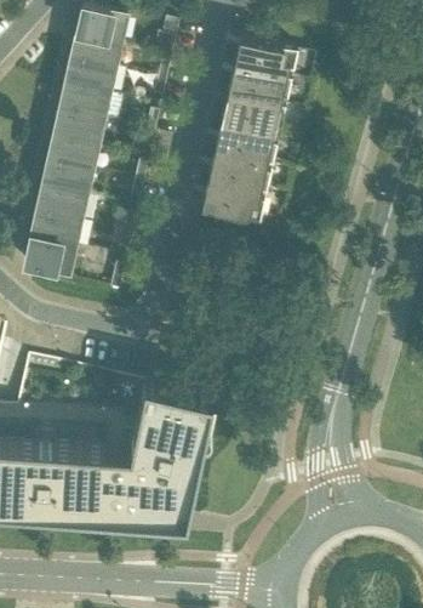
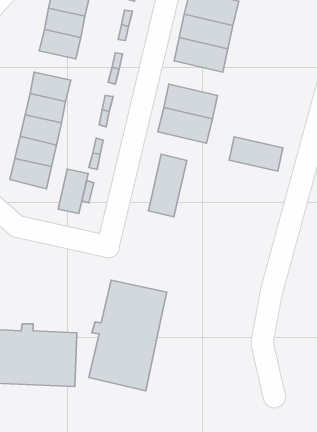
building: [51,117,101,152] -> none
building: [212,129,276,170] -> [229,137,283,171]
building: none -> [148,154,187,217]
building: none -> [58,169,88,214]

